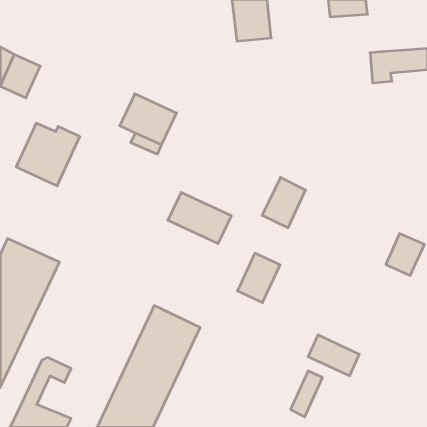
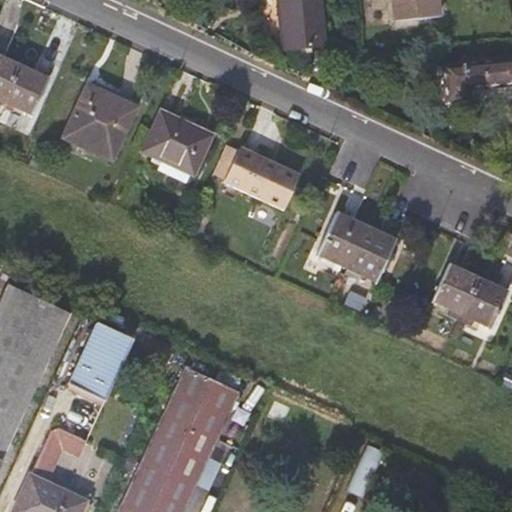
building: [16,123,80,186] -> [63,85,139,160]
building: [168,192,231,244] -> [225,148,301,209]
building: none -> [439,268,478,316]
building: [237,253,280,303] -> [345,227,396,286]
building: none -> [69,321,131,398]
building: [308,335,359,376] -> none

